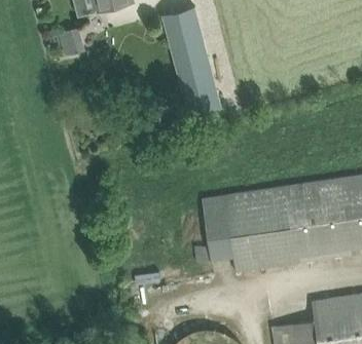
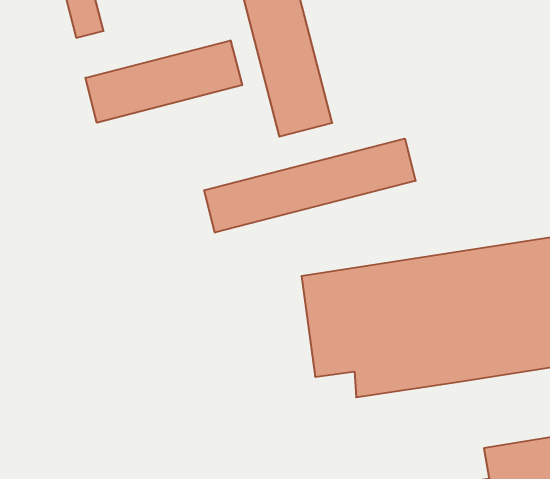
building: none -> [85,40,242,123]
building: none -> [204,139,416,233]

